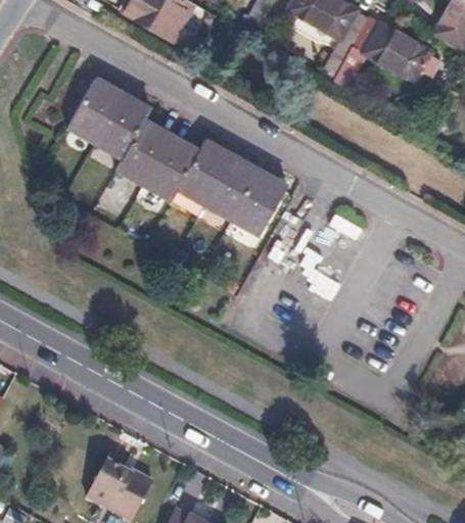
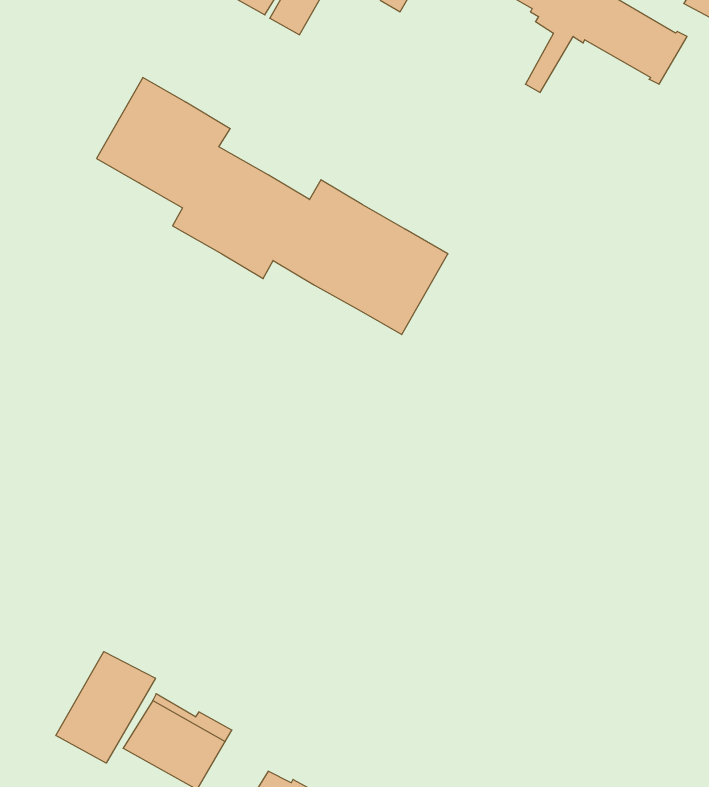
building: none -> [56,652,155,763]

